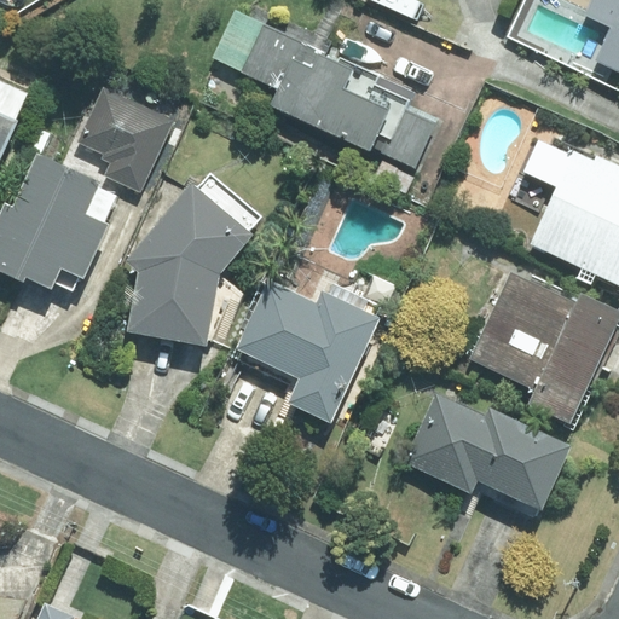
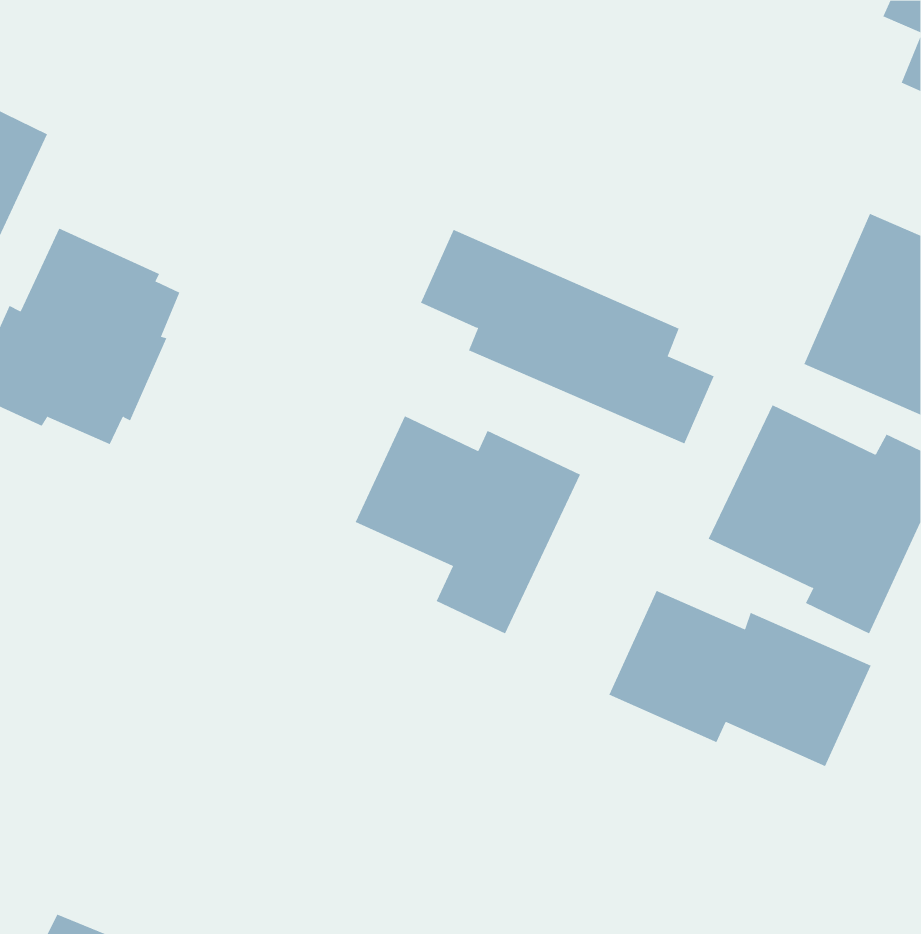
building: [238,24,432,166] -> [420,229,714,444]
building: [73,89,172,195] -> none
building: [127,185,255,348] -> none

